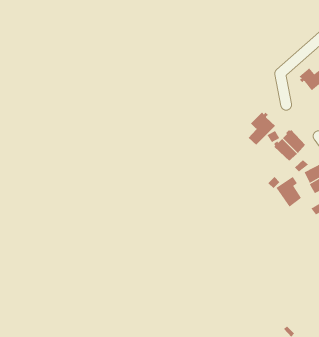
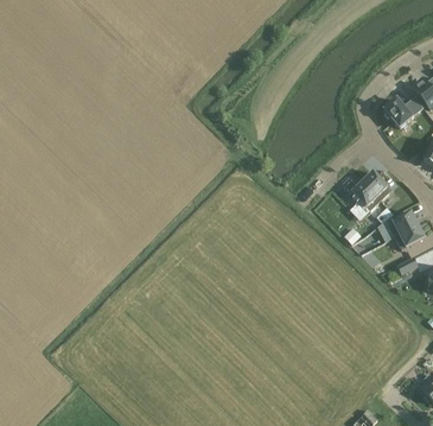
building: [248,112,276,145] -> none

